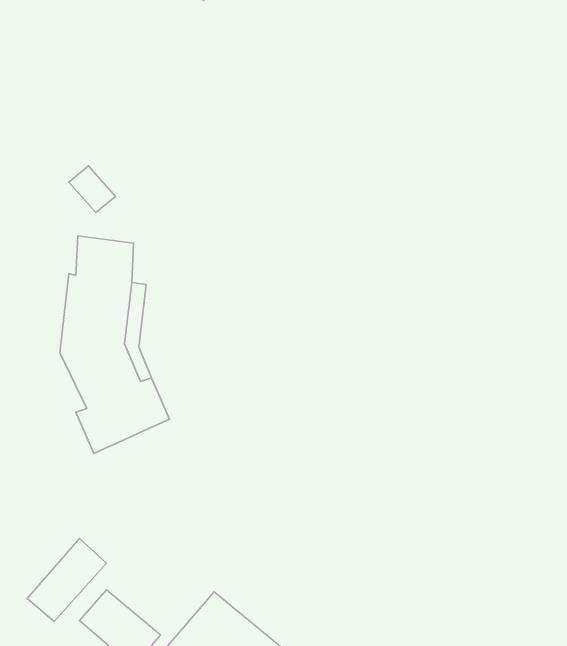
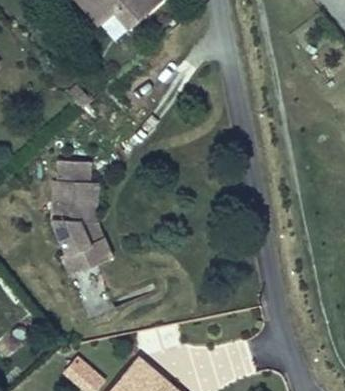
building: [27,538,106,621] -> none

